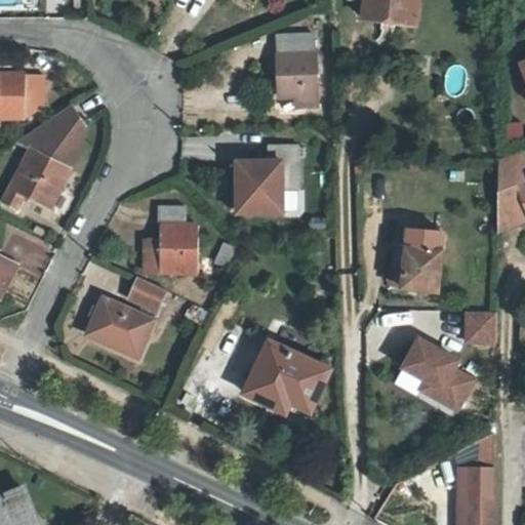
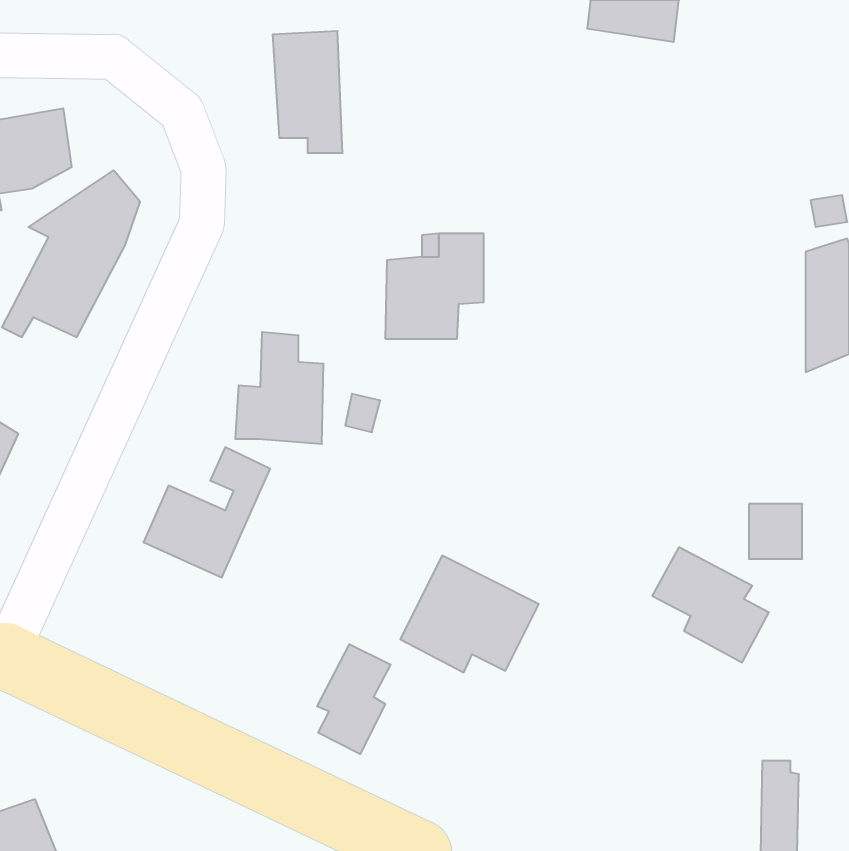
building: [274,32,317,107] -> [273,31,343,153]
building: [390,229,442,292] -> none
building: none -> [317,644,391,754]

